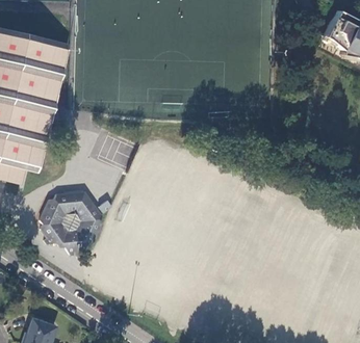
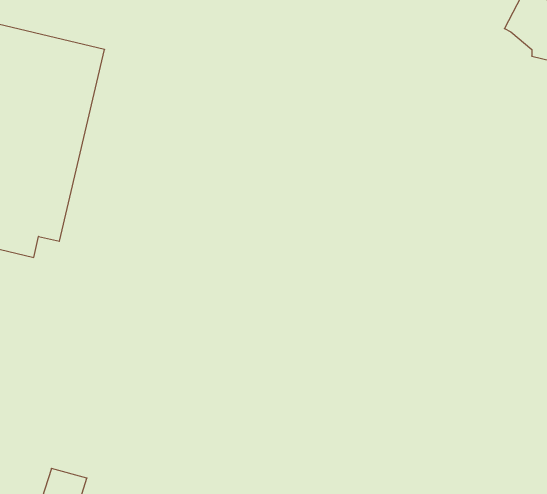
building: [41,190,103,253] -> none

